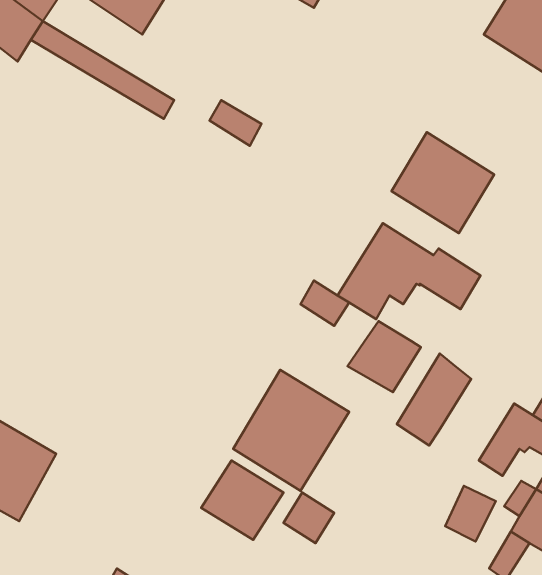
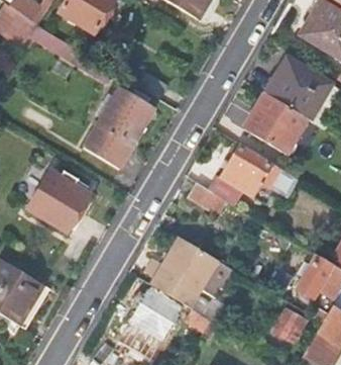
building: none -> [265,58,330,119]
building: none -> [84,90,152,170]
building: none -> [26,171,87,233]
building: [347,321,421,392] -> none
building: [397,353,471,445] -> none

